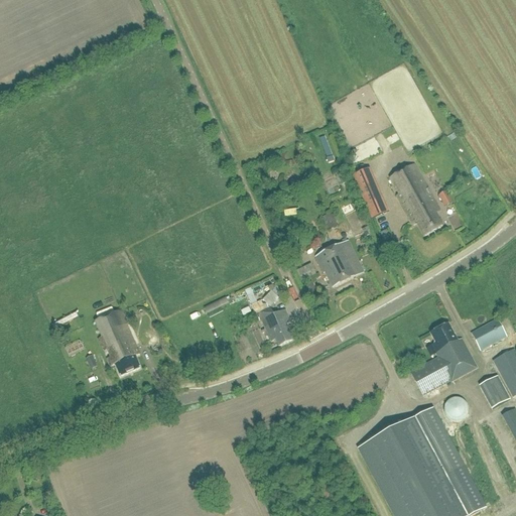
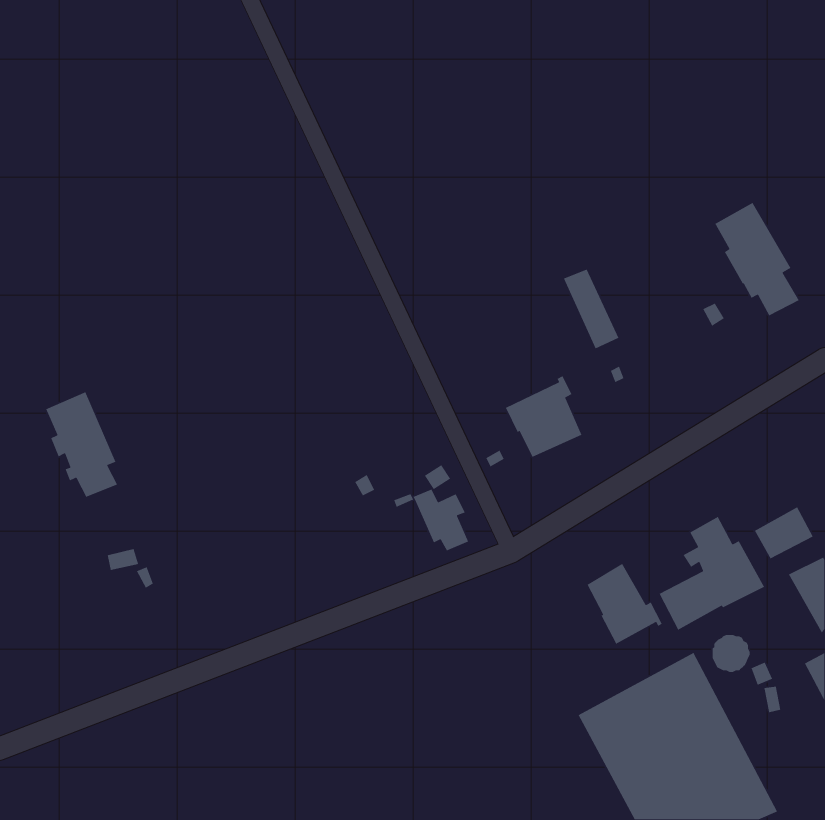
building: [389,162,442,234] -> [714,202,800,317]
building: [95,307,140,374] -> [45,391,118,498]
building: none -> [586,563,663,645]
building: [480,374,509,406] -> none

